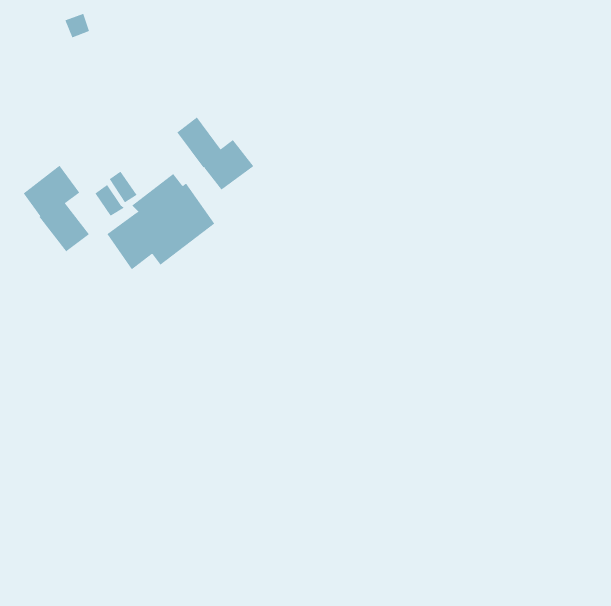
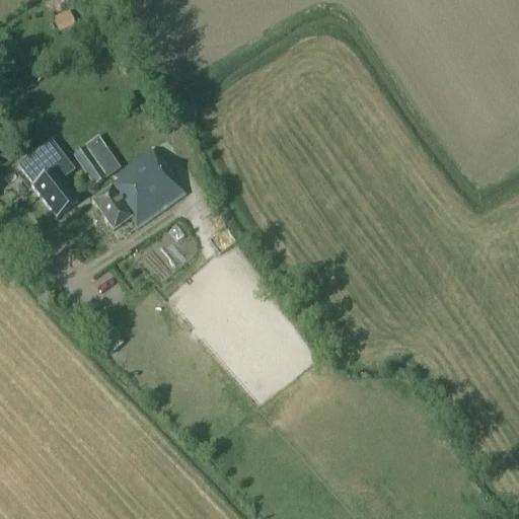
building: [176,117,254,190] -> none

